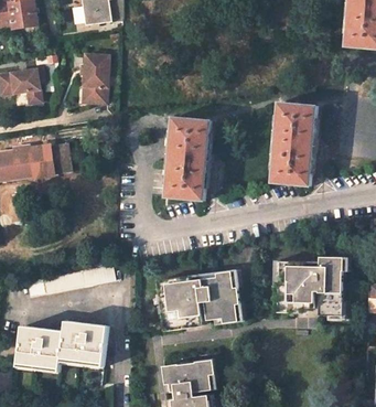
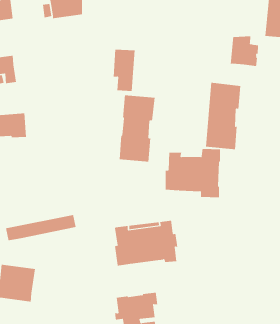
building: none -> [230,36,258,67]
building: [84,56,111,108] -> [113,49,135,92]
building: [51,139,71,170] -> none
building: [273,256,342,317] -> [165,148,221,198]
building: [60,321,107,366] -> none

